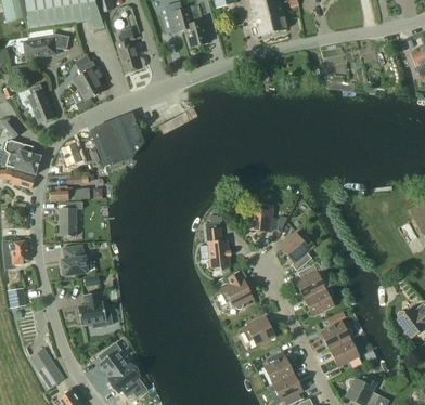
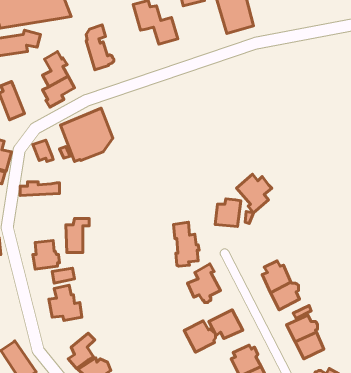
building: [59,201,82,236] -> [66,218,89,253]
building: [279,232,314,271] -> [237,174,272,213]
building: none -> [184,321,216,352]

